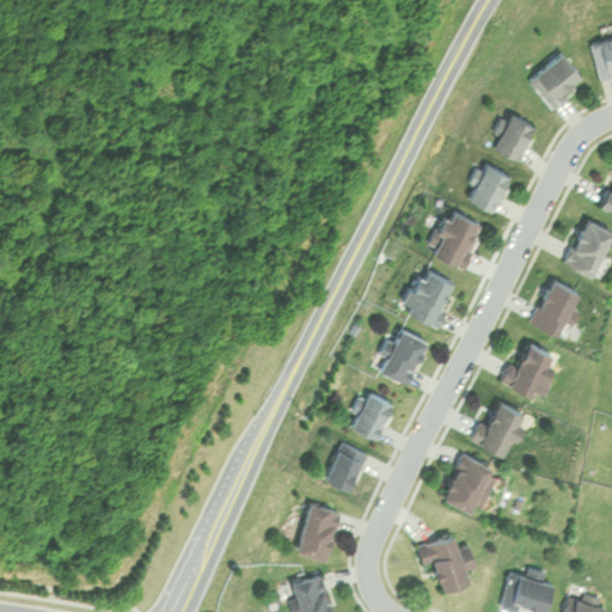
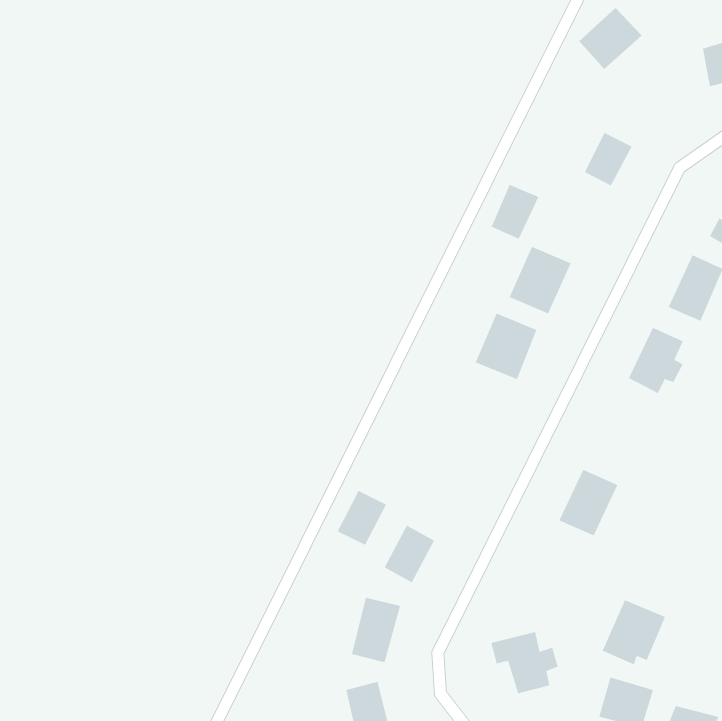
building: [531,55,585,108] -> [579,7,643,70]
building: [471,166,512,213] -> [491,184,539,240]
building: [378,328,428,386] -> none
building: [507,341,557,397] -> none
building: [353,396,394,442] -> [337,490,387,546]
building: [443,457,497,512] -> [602,600,666,665]

